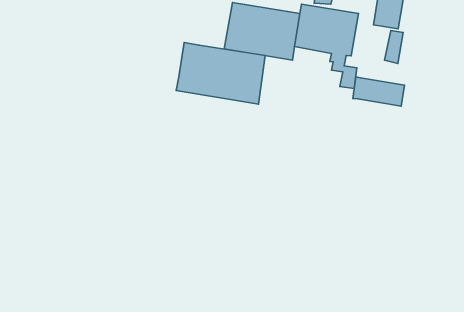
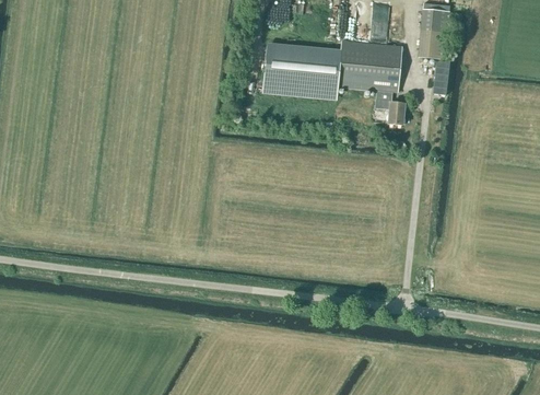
building: [176,43,265,104] -> none
building: [353,77,405,106] -> none

